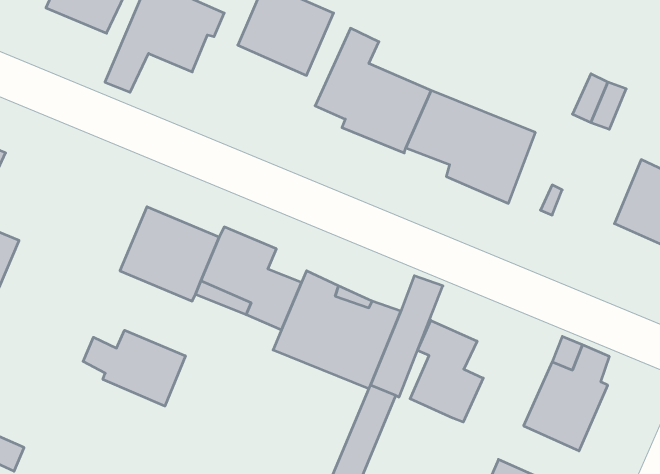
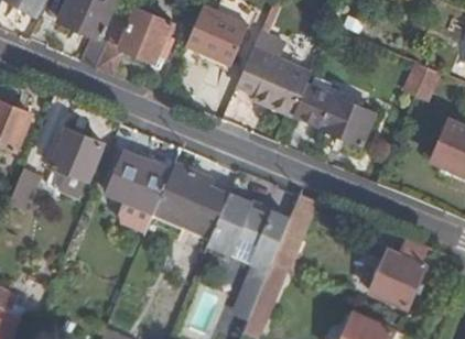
building: none -> [48,129,100,178]
building: [410,320,483,422] -> none
building: [83,330,185,406] -> none

